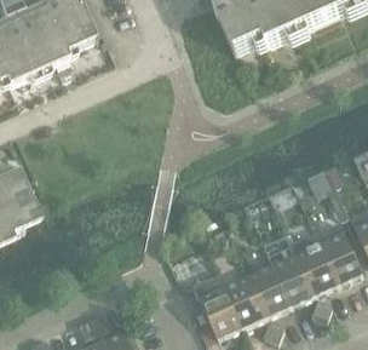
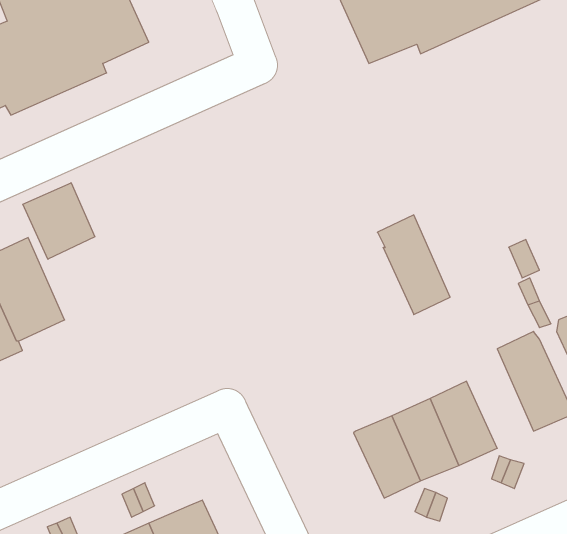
building: none -> [23,183,95,259]
building: [293,231,339,294] -> [377,215,450,315]
building: [195,271,245,338] -> none

